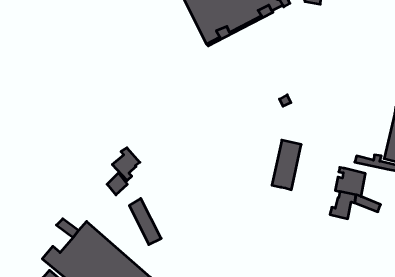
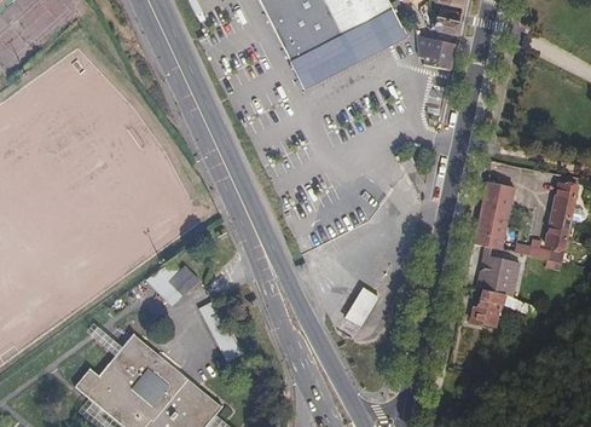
building: none -> [423,37,456,68]
building: [272,140,301,190] -> [474,181,514,249]
building: [112,148,140,181] -> none
building: none -> [344,289,378,329]

